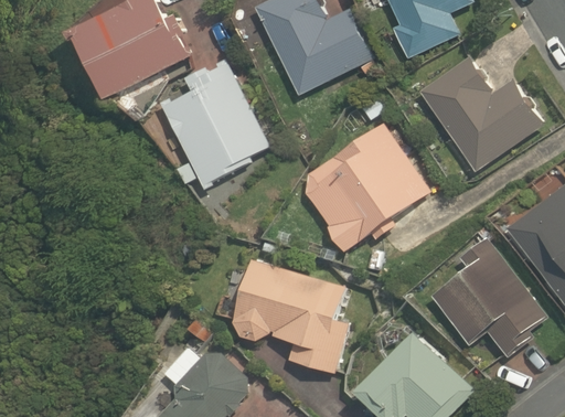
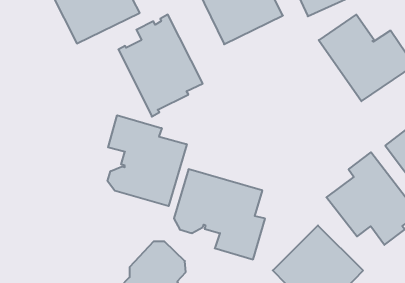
building: [307,122,430,252] -> none
building: none -> [108,115,187,206]

